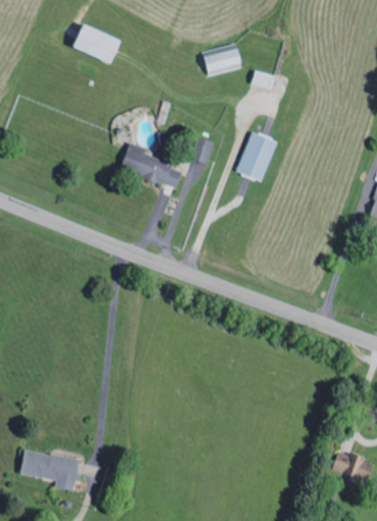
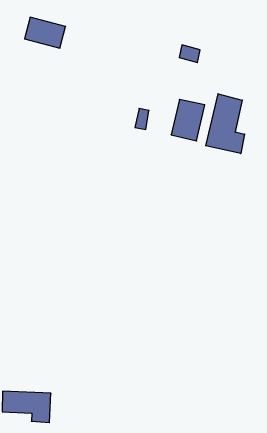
building: [206,48,246,74] -> none
building: none -> [206,94,245,154]
building: [120,142,181,188] -> none

